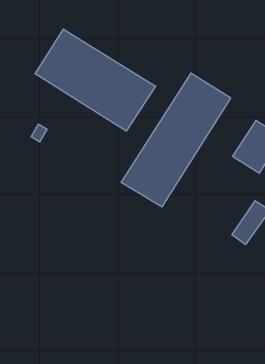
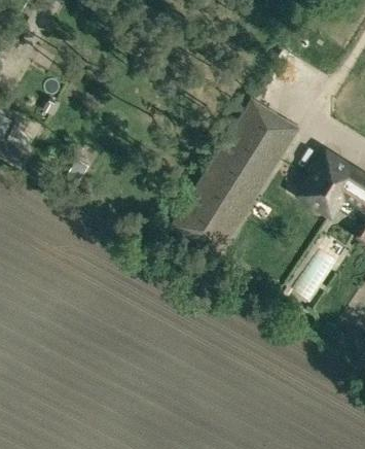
building: [35,29,156,131] -> none

